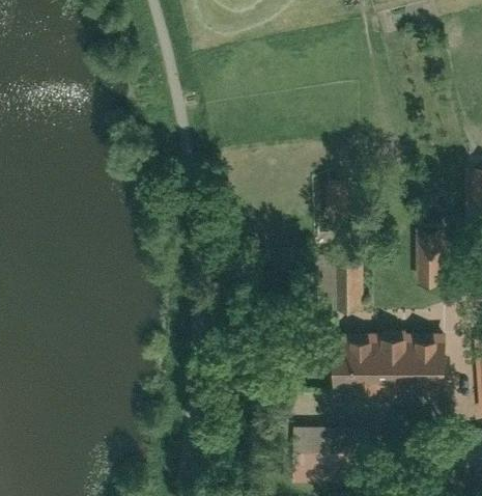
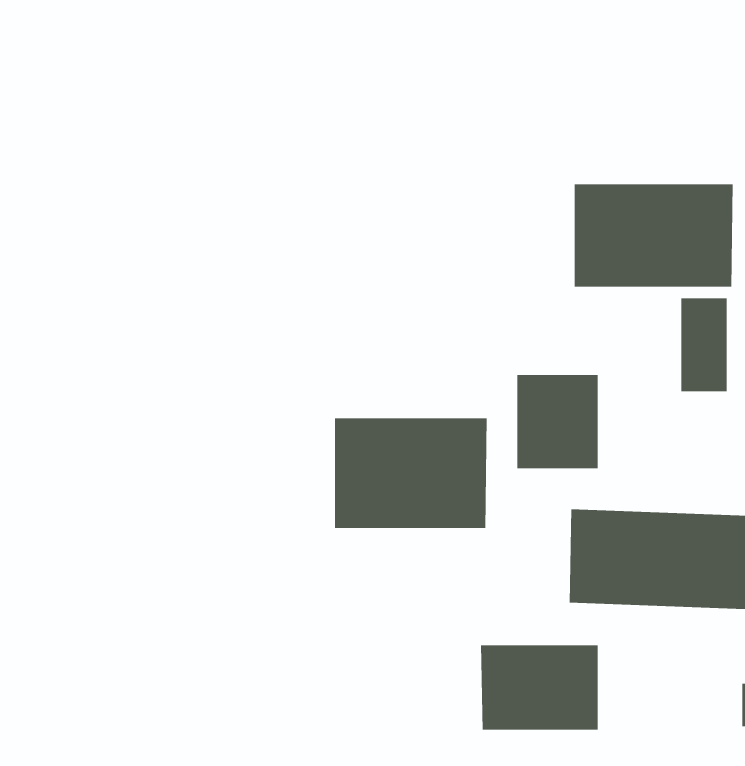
building: none -> [574,183,733,288]
building: none -> [335,418,487,529]

